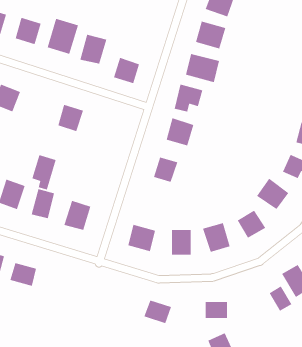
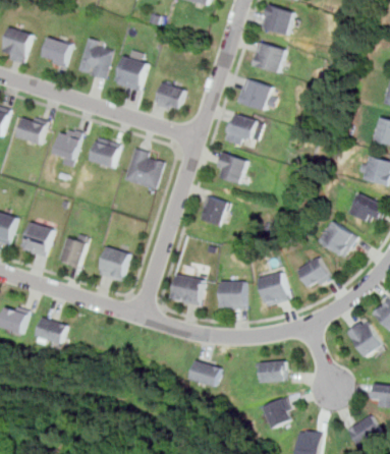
building: none -> [123,149,164,189]
building: [32,155,56,190] -> [53,126,81,167]
building: [269,286,292,312] -> none

